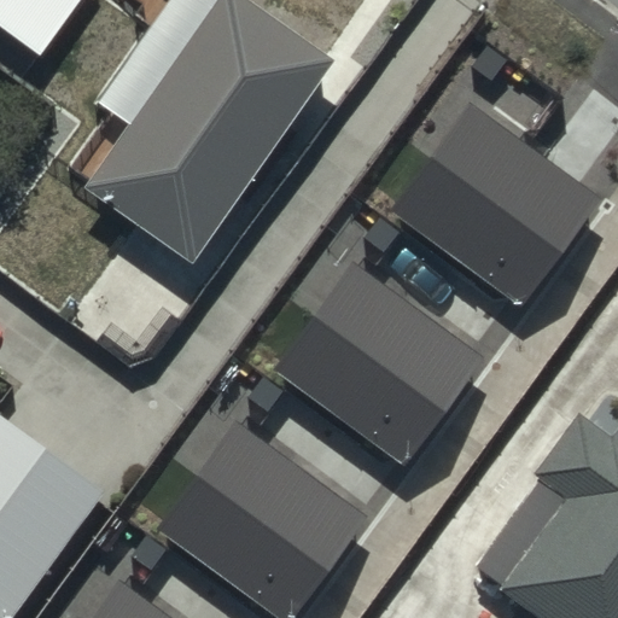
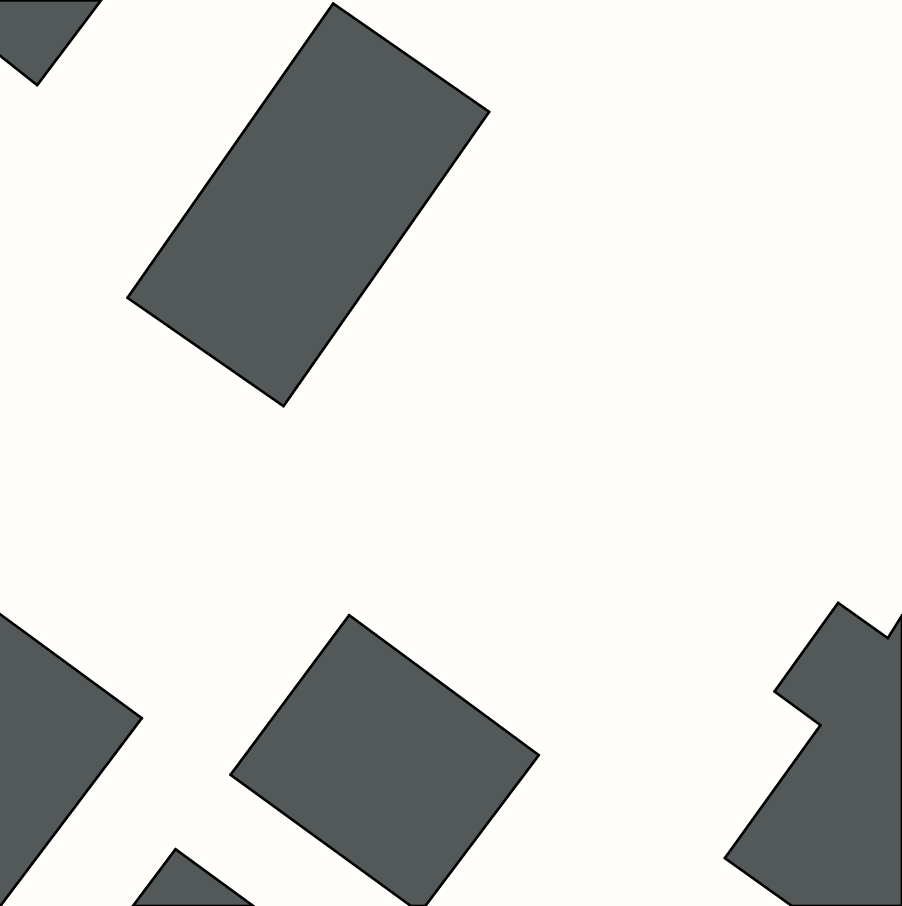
building: [390,101,600,305] -> none
building: [273,260,483,464] -> none

